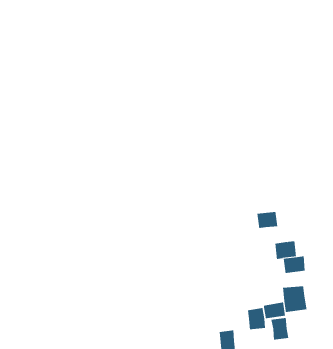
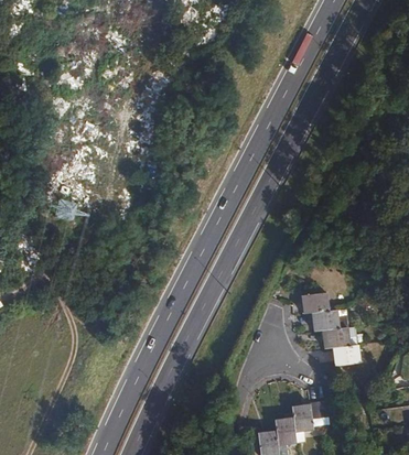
building: none -> [316,308,342,329]
building: [283,286,307,313] -> none
building: [270,318,289,340] -> [277,418,299,444]

